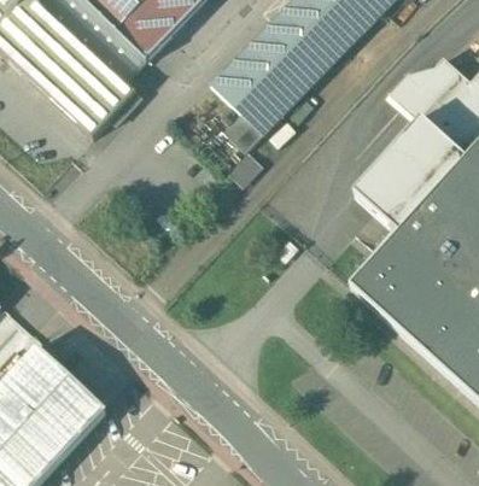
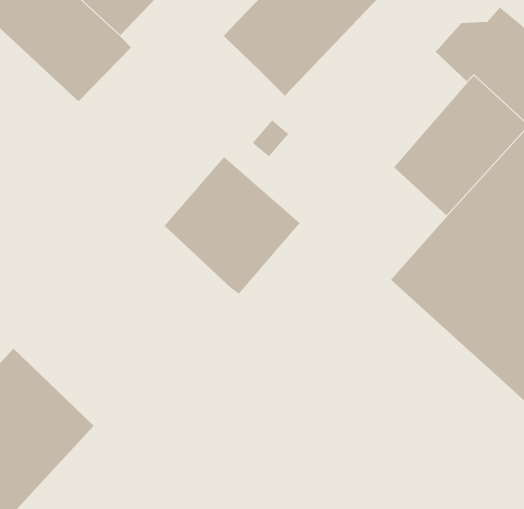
building: [220,110,262,152] -> none
building: none -> [164,156,301,295]

